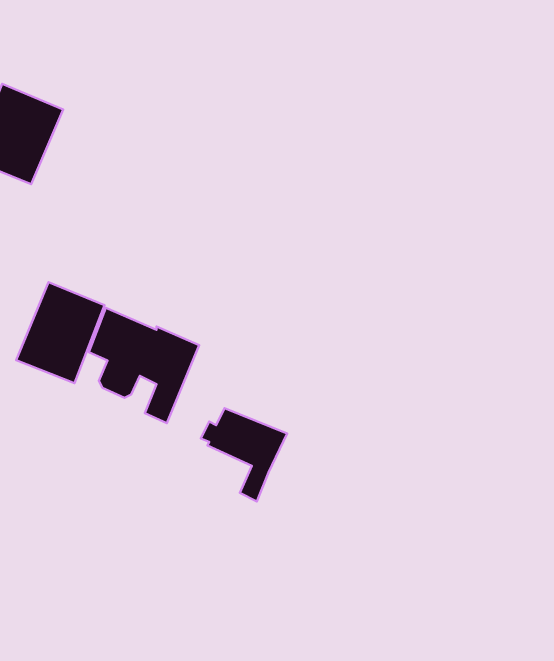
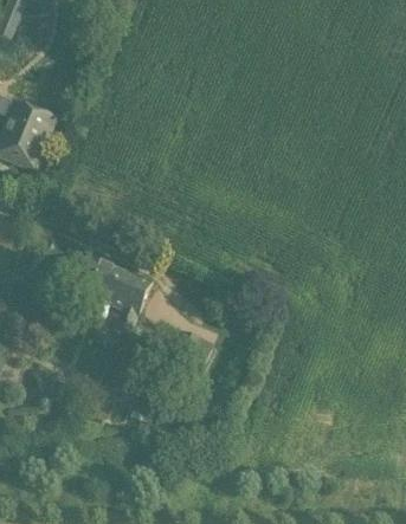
building: [16,282,105,383] -> none

